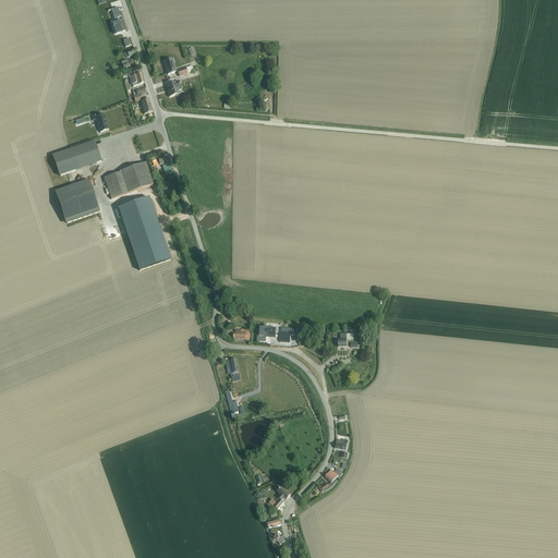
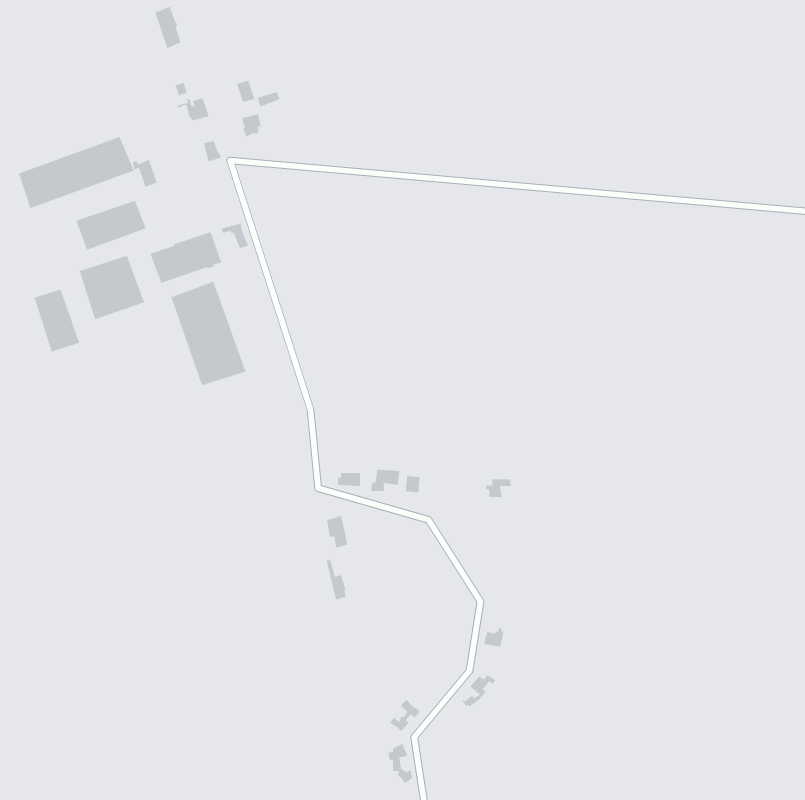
building: none -> [17,136,135,210]
building: none -> [34,289,80,352]

